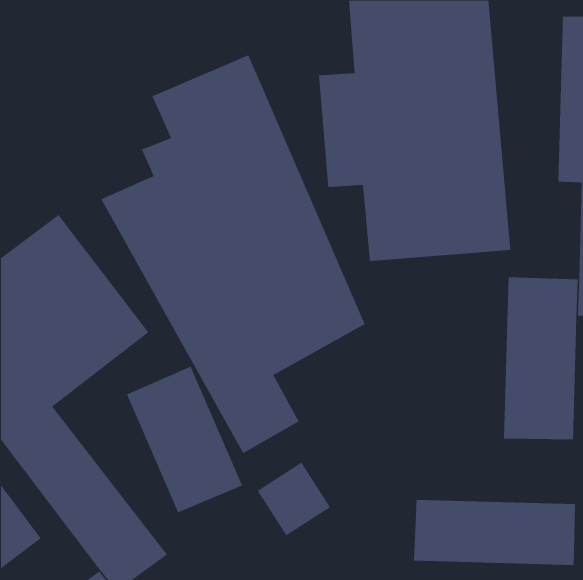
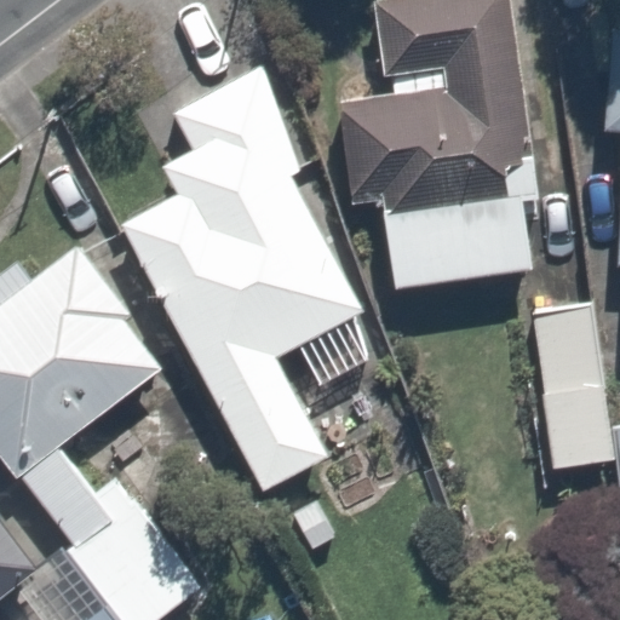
building: [126,366,243,513] -> none
building: [413,499,576,566] -> none

